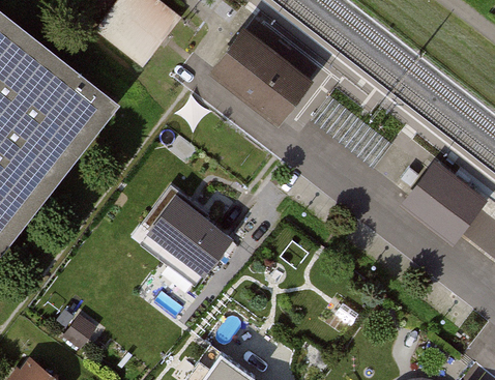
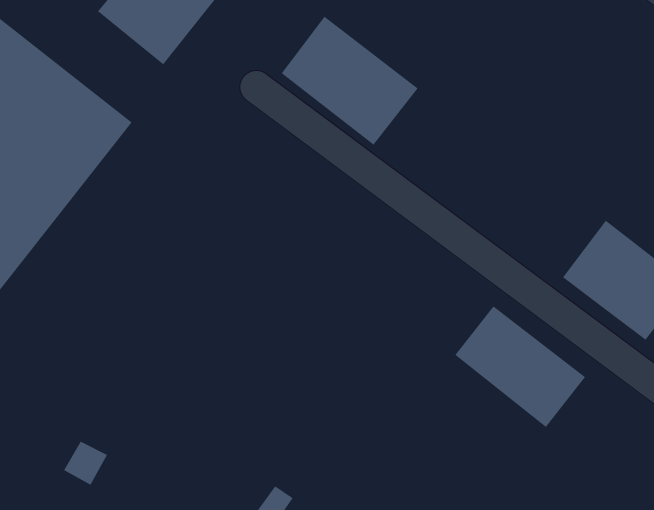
building: [156,194,242,276] -> none
building: none -> [454,306,586,428]

